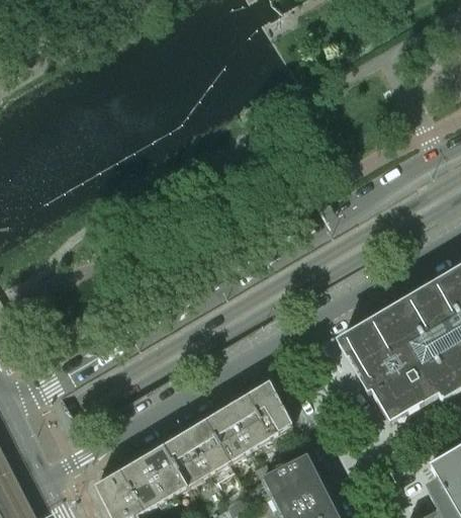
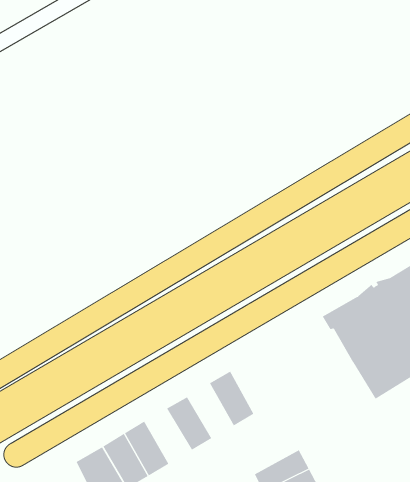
building: [248,380,292,436] -> none
building: [205,406,251,460] -> none
building: [163,431,209,486] -> none
building: [261,453,315,496] -> none

